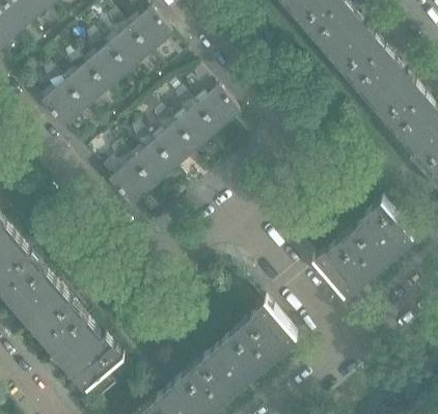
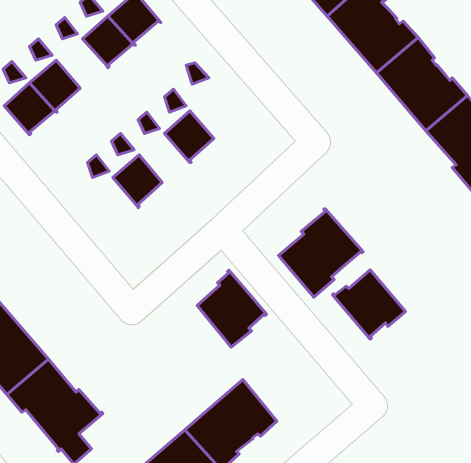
building: [84,49,126,91] -> none
building: [194,88,238,133] -> none
building: [153,127,193,169] -> none
building: [109,163,150,206] -> none
building: [343,200,412,273] -> [279,209,363,297]
building: [238,300,295,363] -> [197,270,267,347]

